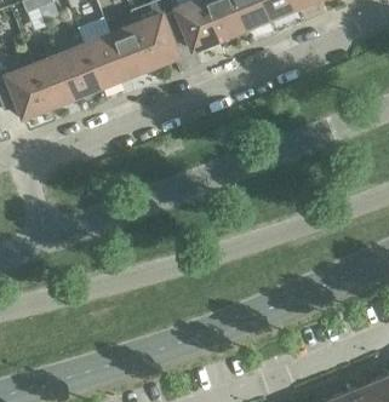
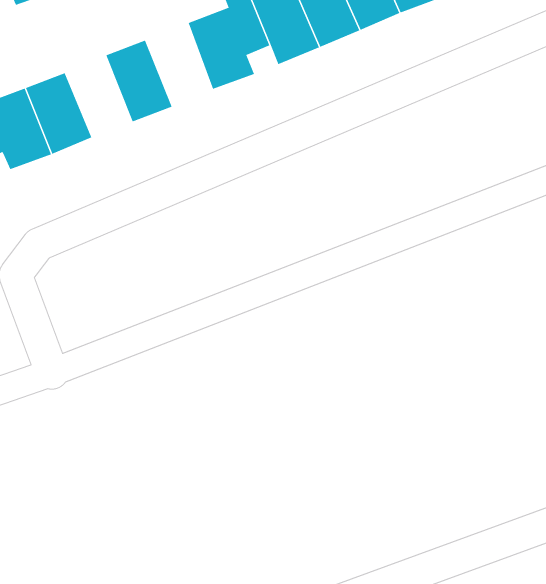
building: [109,23,151,76] -> none
building: [58,44,101,96] -> none

